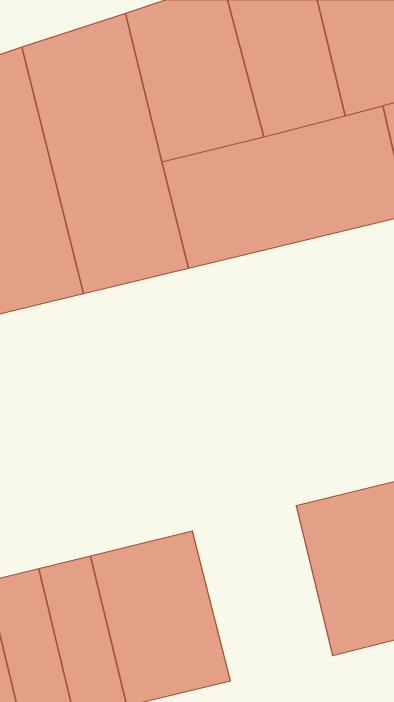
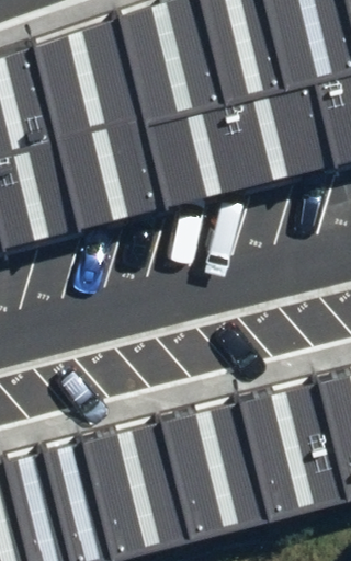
building: none -> [167,401,276,538]

